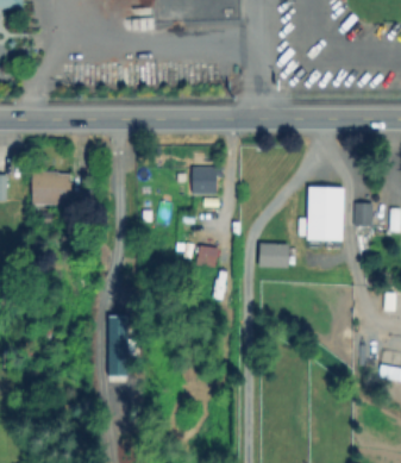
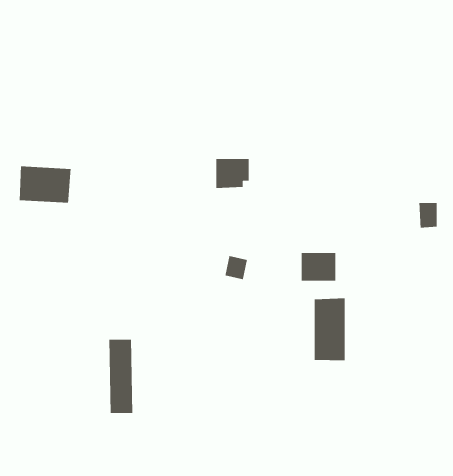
building: [303,189,343,238] -> none
building: none -> [314,298,345,361]

